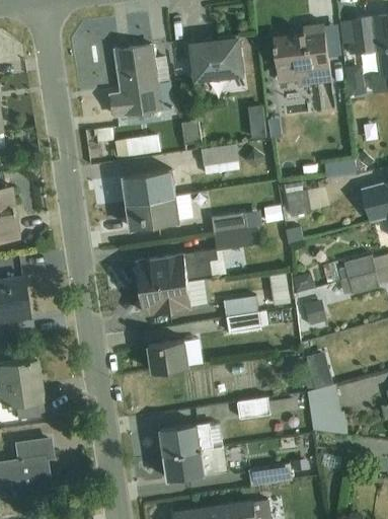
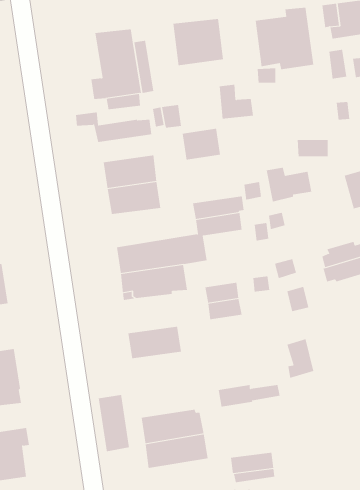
building: [308,384,347,433] -> none
building: none -> [98,394,129,452]

